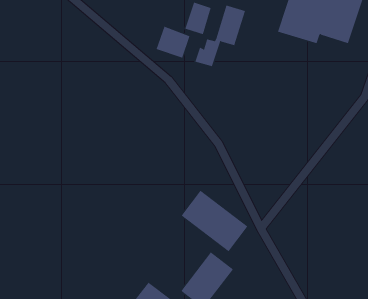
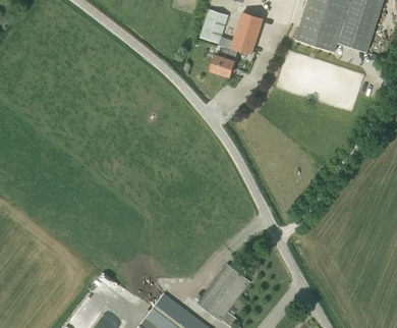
building: [156,26,190,58] -> none
building: [181,190,248,252] -> none

